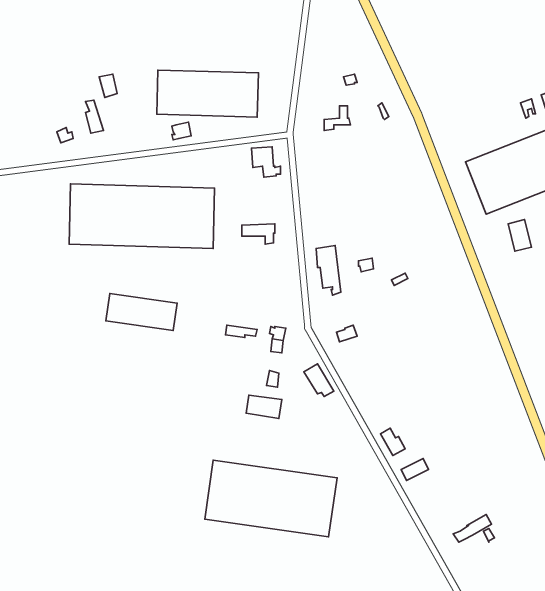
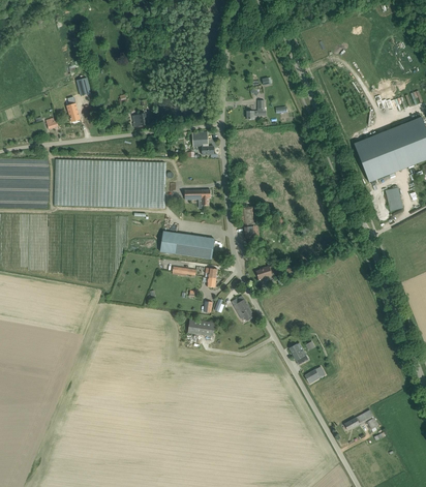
building: [157,70,259,117] -> none
building: [106,293,177,330] -> [160,232,214,260]
building: [205,460,337,537] -> none

